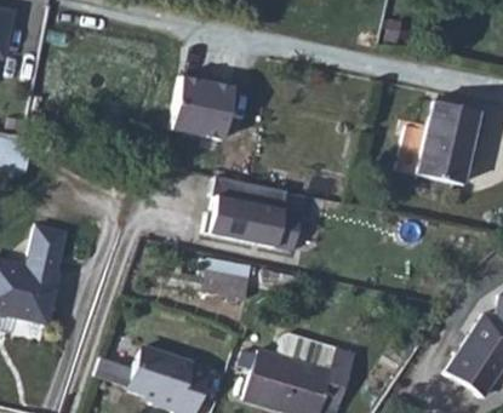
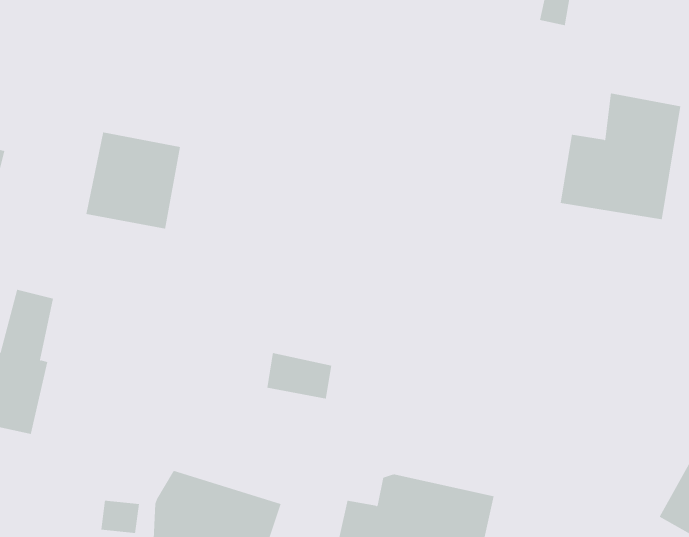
building: [171,79,233,142] -> [86,132,181,229]
building: [204,179,308,257] -> none

